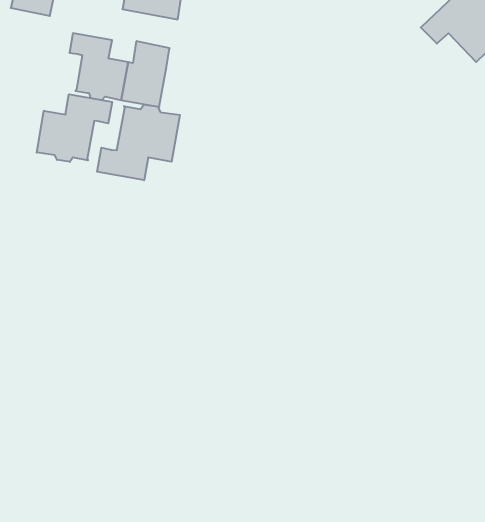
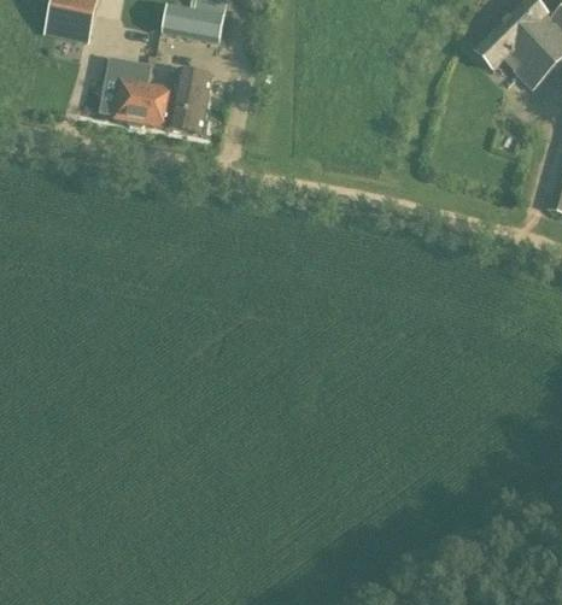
building: [37,94,112,162] -> none
building: [97,104,180,180] -> none

